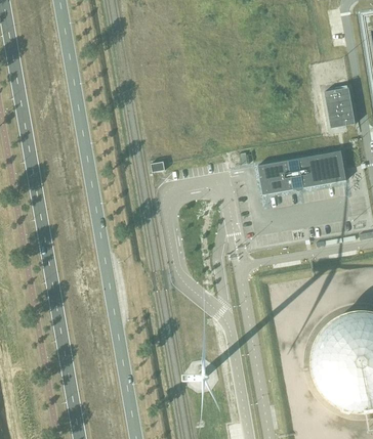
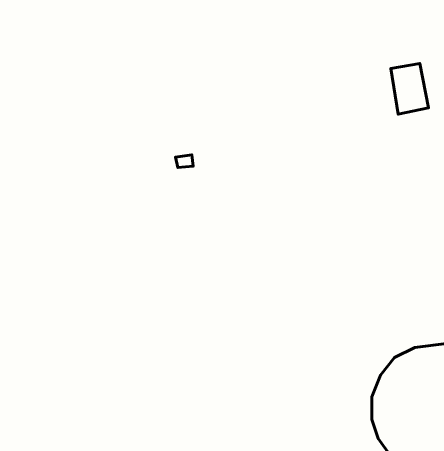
building: [258,148,347,192] -> none

